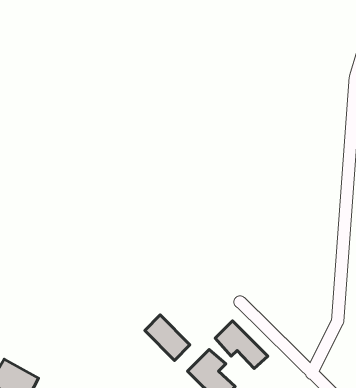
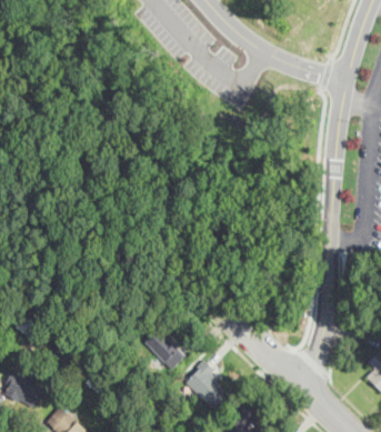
building: [215,321,268,369] -> none

